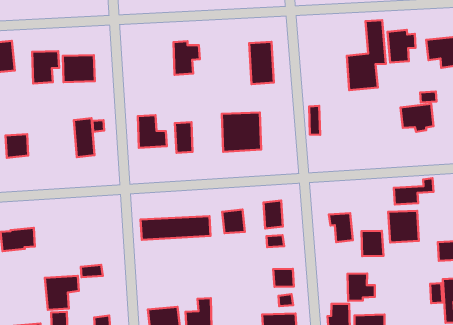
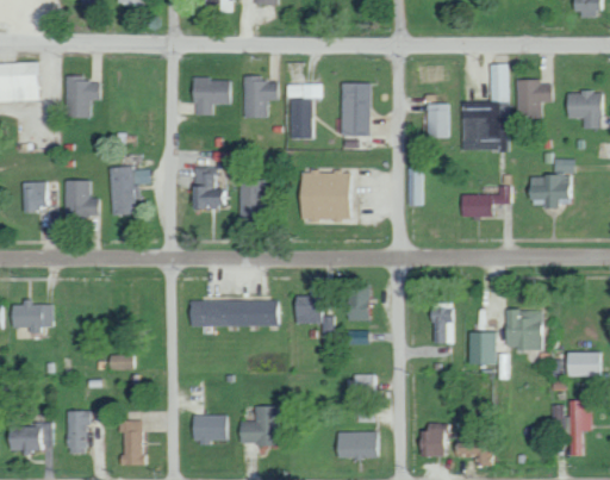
building: none -> [288,83,324,139]
building: none -> [191,79,234,116]
building: none -> [428,104,452,138]
building: [63,55,95,82] -> none
building: none -> [63,181,99,218]
building: [394,178,433,205] -> [461,186,511,217]
building: [347,274,375,301] -> none
building: [45,276,79,310] -> none

